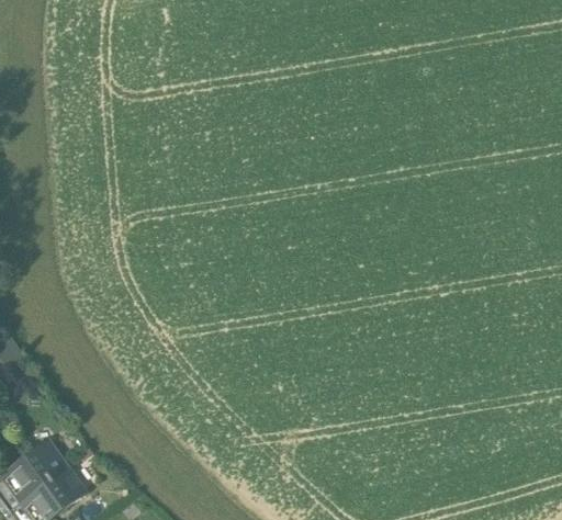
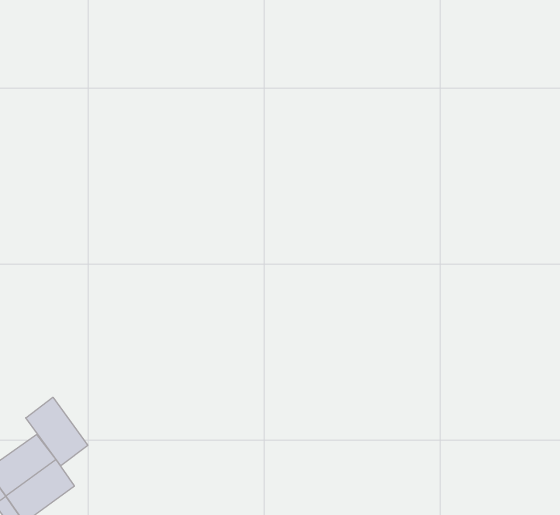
building: none -> [26,397,88,466]

